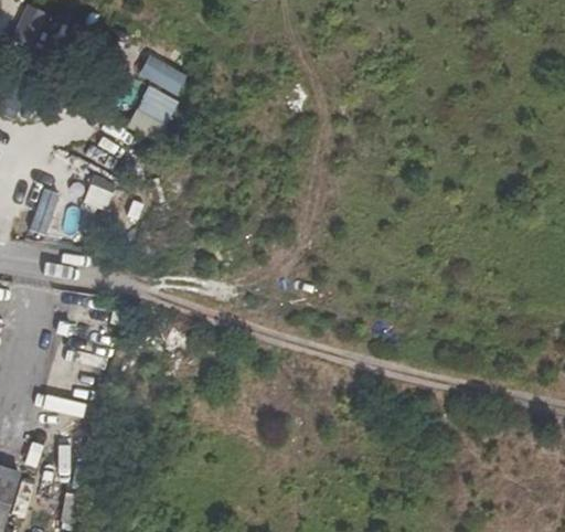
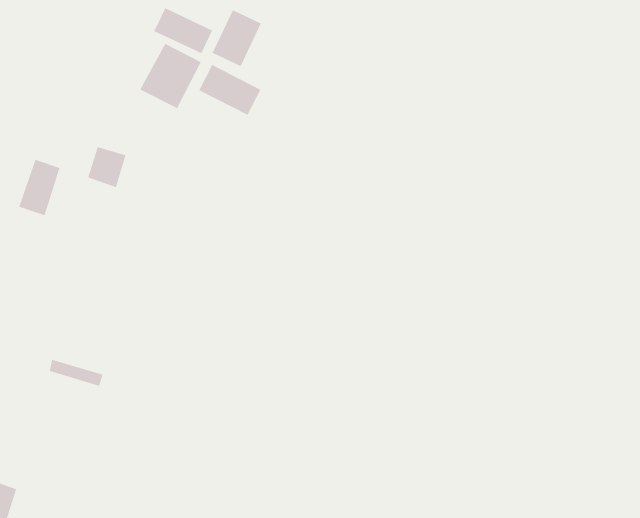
building: none -> [212,9,262,67]
building: none -> [198,64,261,116]

